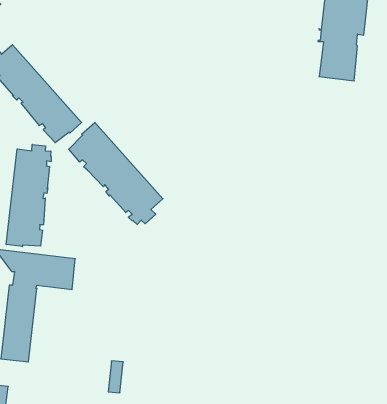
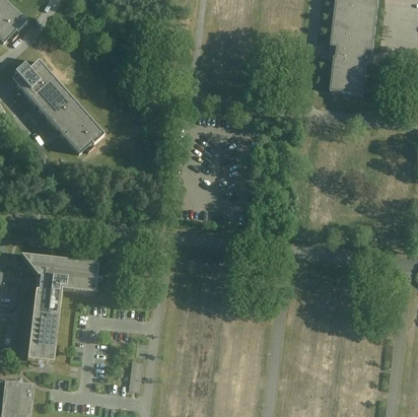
building: [69,122,163,224] -> none
building: [6,144,51,247] -> none

